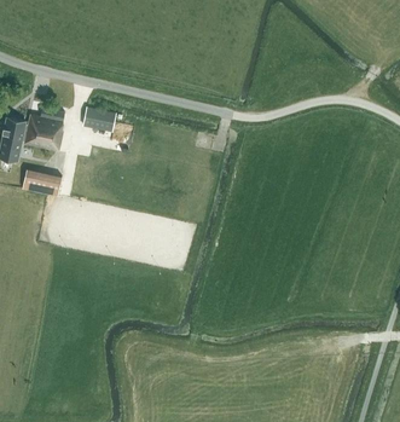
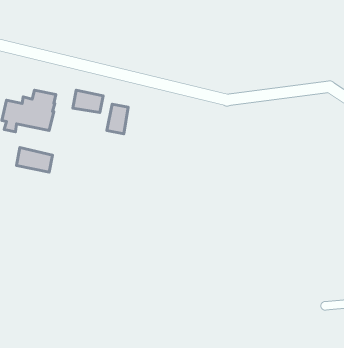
building: none -> [107,104,128,134]

